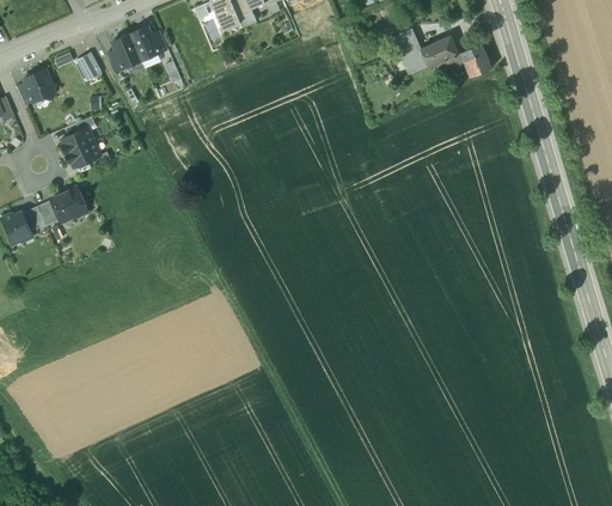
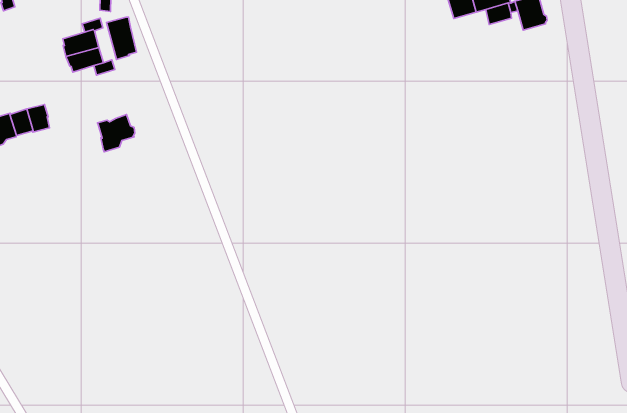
building: none -> [106,17,137,60]
building: [51,187,86,222] -> [97,115,135,152]

